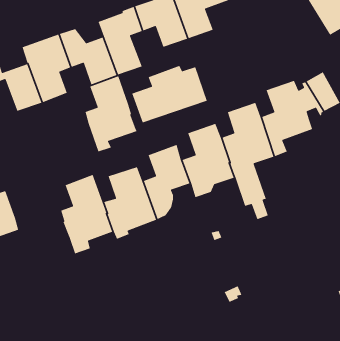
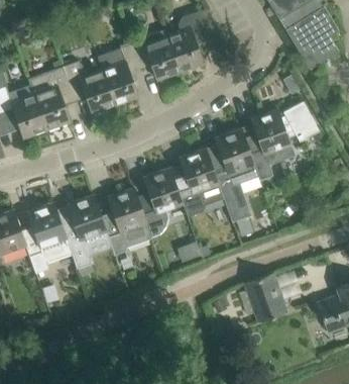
building: [131,65,208,124] -> none
building: [85,75,138,152] -> [22,202,71,273]
building: none -> [244,273,285,322]

